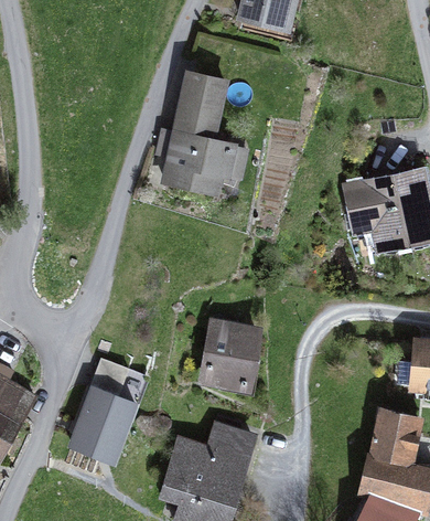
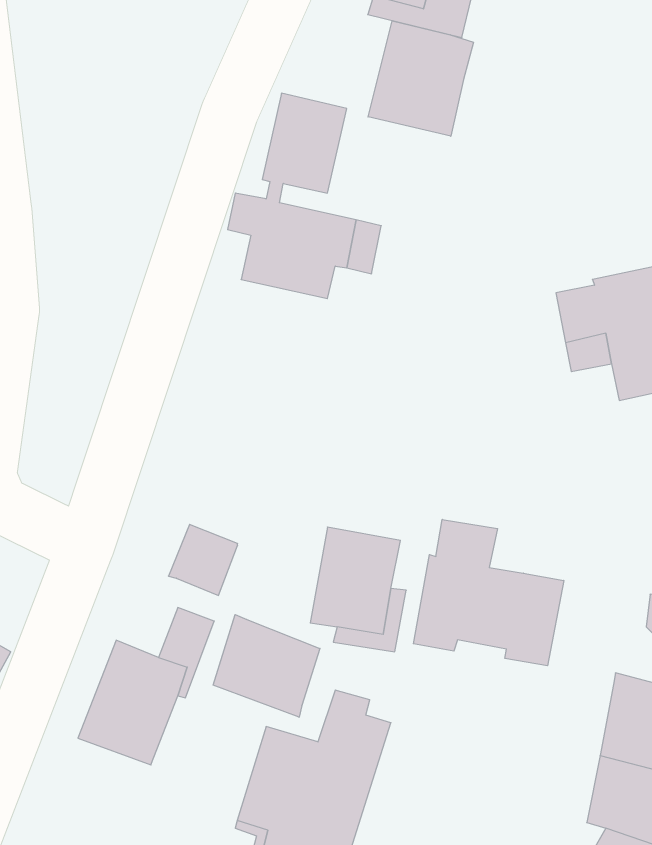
building: none -> [368,21,474,136]
building: none -> [413,519,564,666]
building: [87,358,127,398] -> [168,524,238,595]
building: none -> [213,615,320,717]

